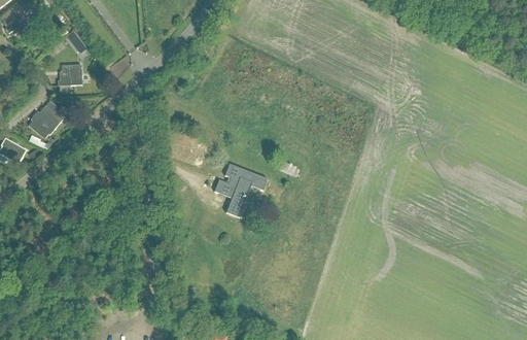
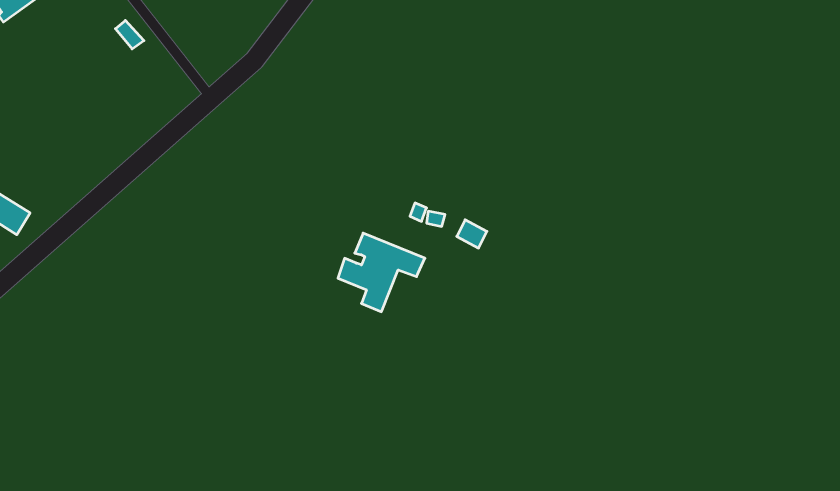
building: [57,65,80,86] -> none
building: [29,105,62,136] -> none

